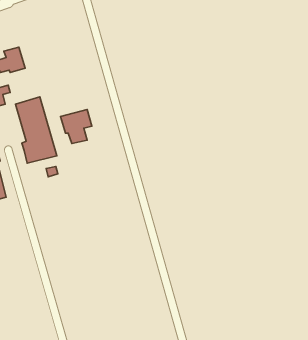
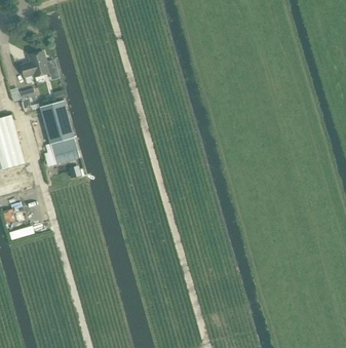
building: [61,109,92,143] -> none

